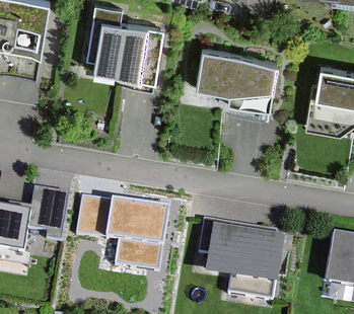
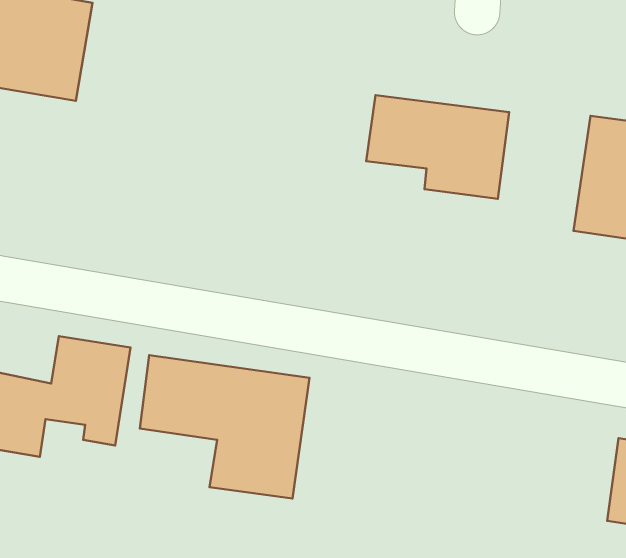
building: [84,7,167,79] -> none
building: [196,224,288,290] -> none

